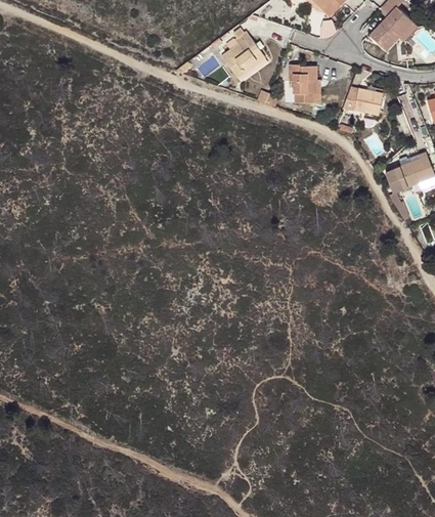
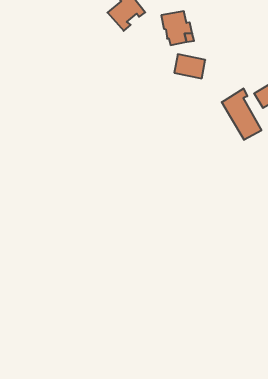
building: [344,86,383,119] -> [174,54,205,78]
building: none -> [222,88,261,140]

